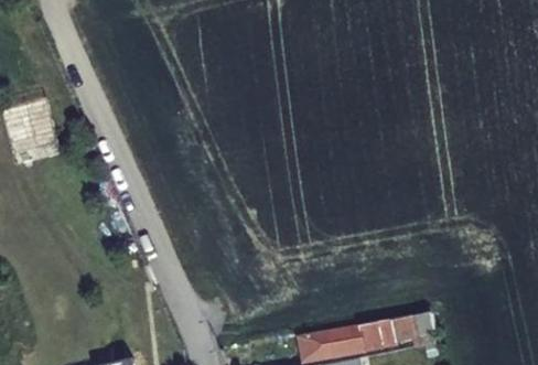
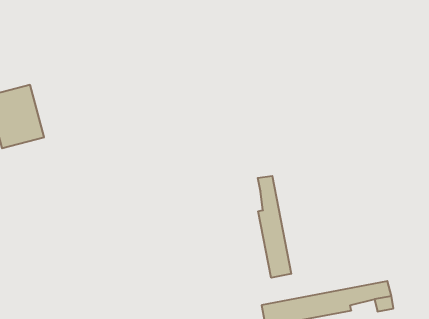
building: none -> [258,176,291,278]

